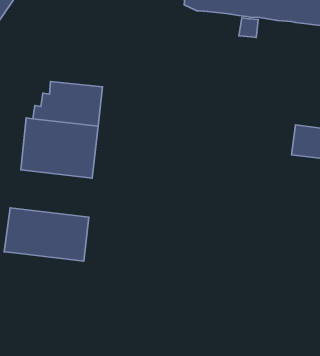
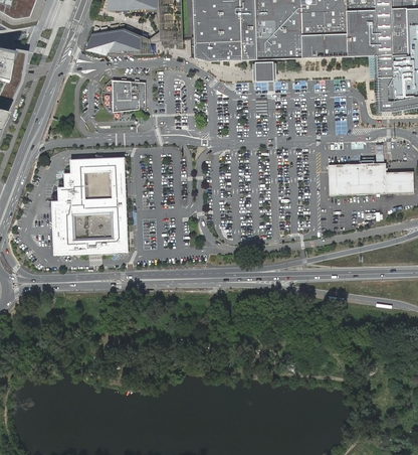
building: none -> [111,78,145,111]
building: [4,208,89,261] -> none

